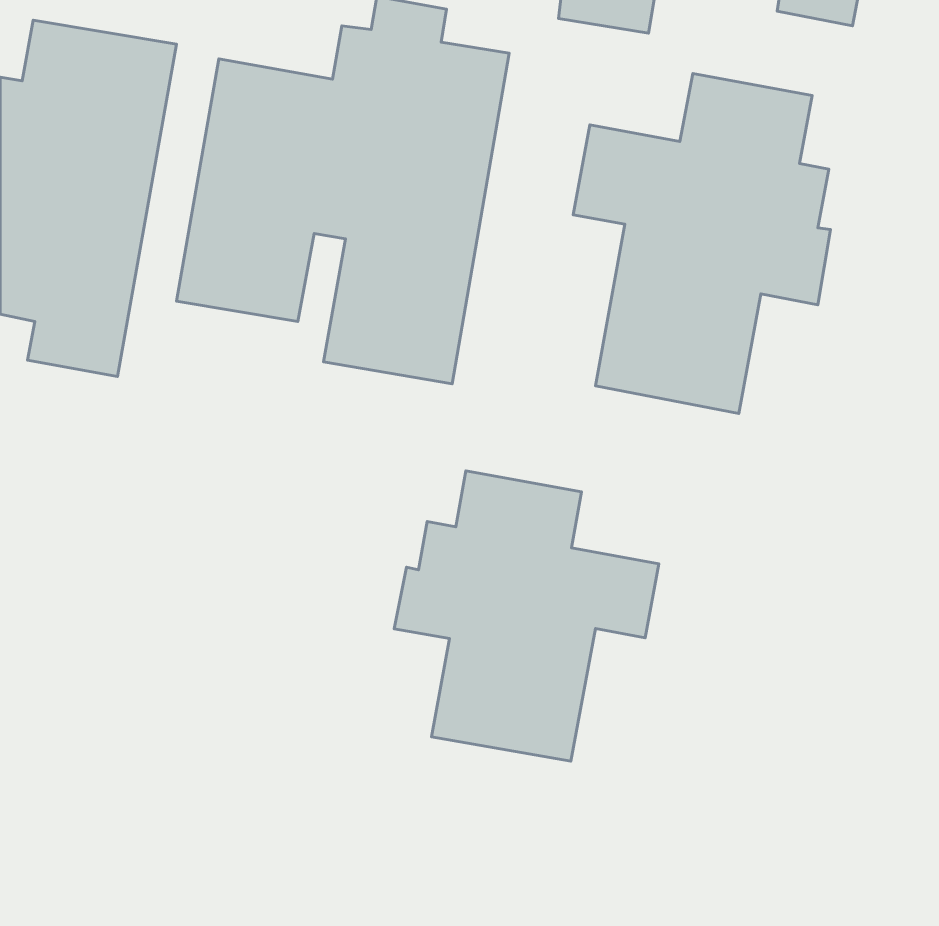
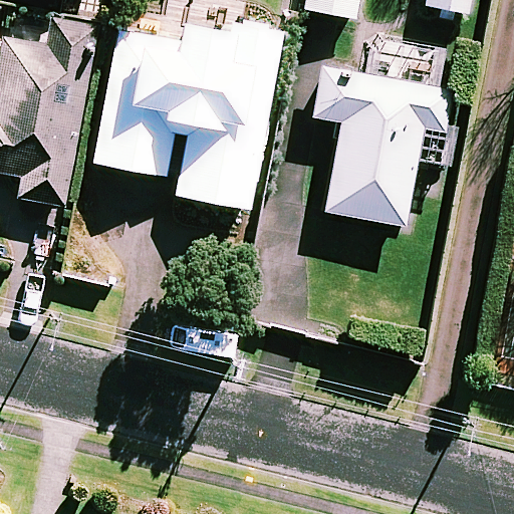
building: [394,471,659,761] -> none

